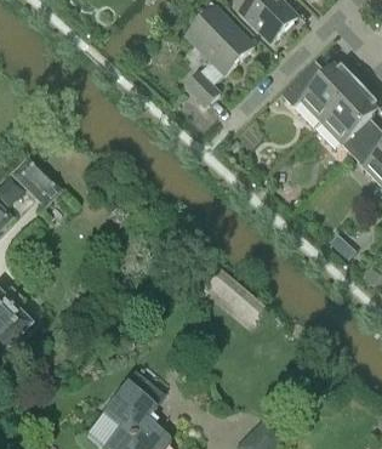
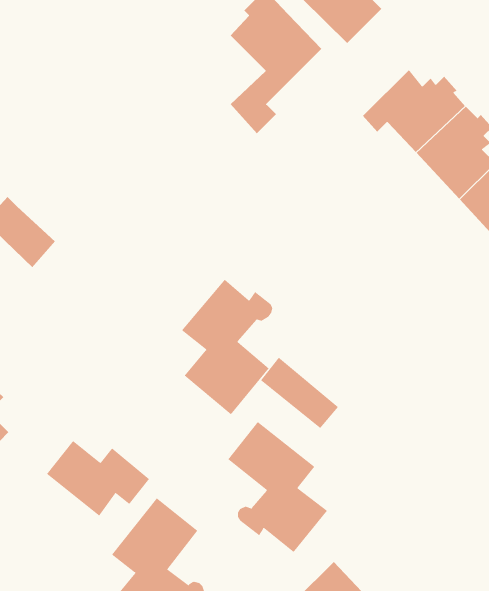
building: none -> [181,279,273,415]
building: none -> [228,421,328,553]
building: none -> [46,440,150,516]

